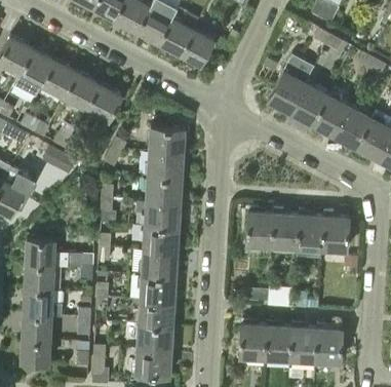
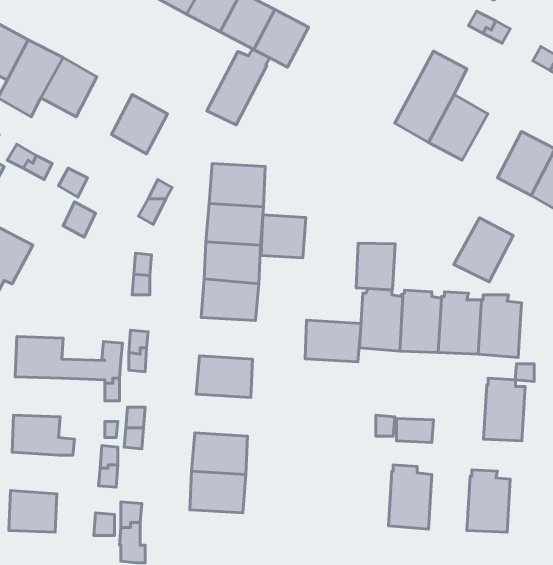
building: none -> [207,49,270,125]
building: [64,72,100,109] -> none
building: [311,95,349,137] -> [454,218,513,282]
building: none -> [261,215,306,258]
building: none -> [356,243,395,290]
building: [143,226,179,253] -> [305,320,361,362]
building: [24,264,54,289] -> none
building: [140,275,175,302] -> none
building: [22,312,52,339] -> none
building: [238,319,266,359] -> none
building: [289,322,316,362] -> [483,378,525,441]
building: [134,349,170,376] -> none

